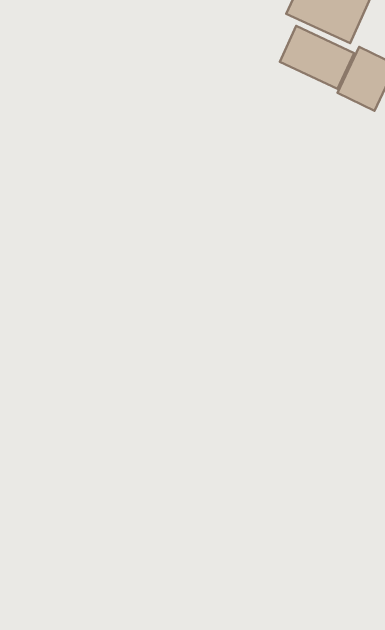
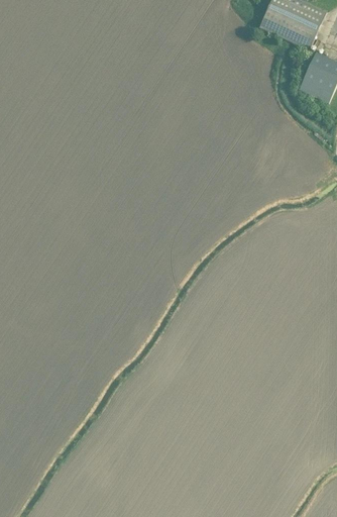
building: [280,26,354,89] -> none

